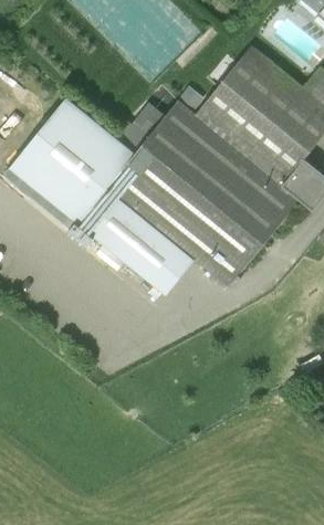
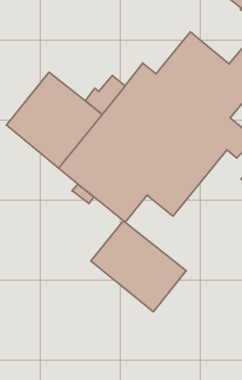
building: none -> [91,221,186,312]

